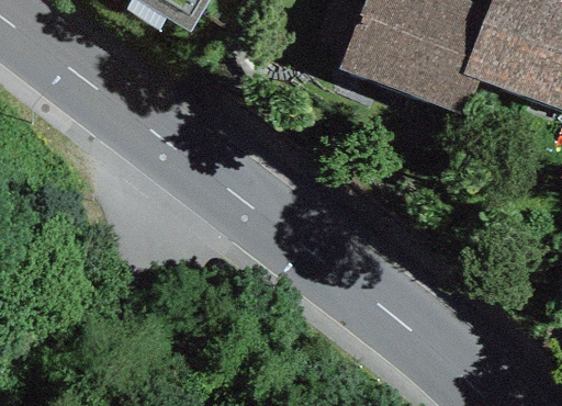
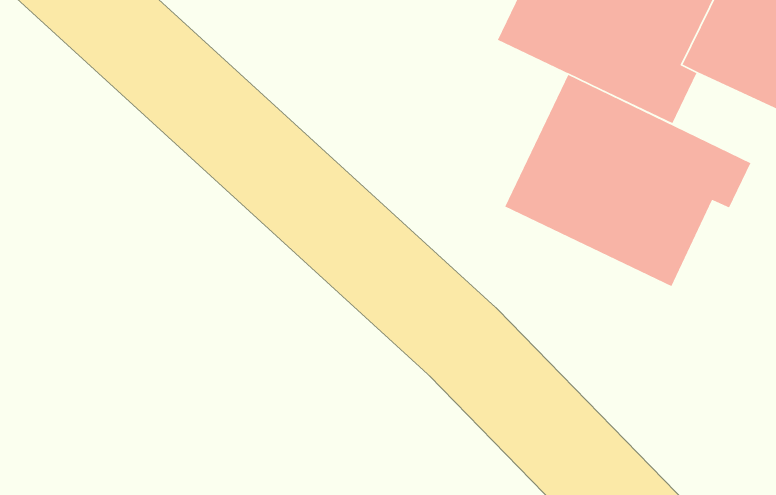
building: none -> [504,74,752,287]

